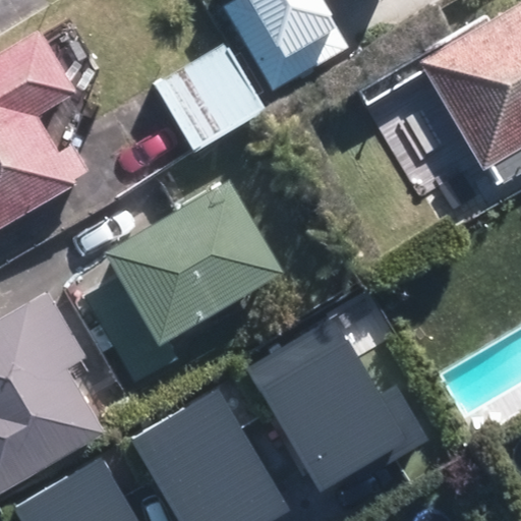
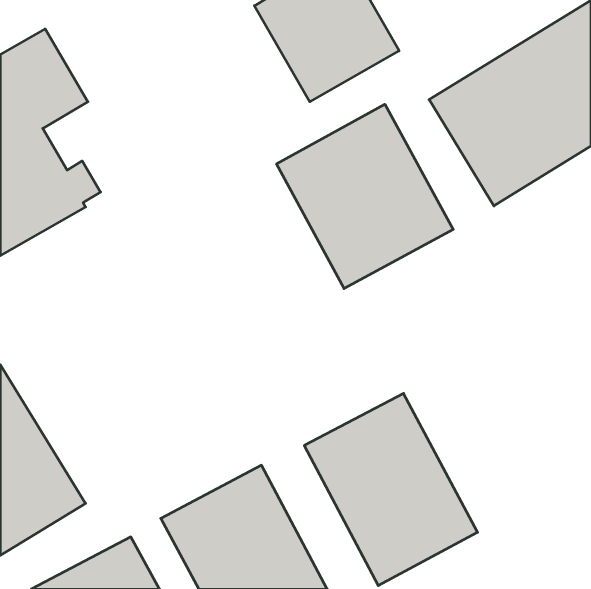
building: [155,40,266,149] -> none
building: none -> [277,104,453,289]
building: [72,198,253,364] -> none

